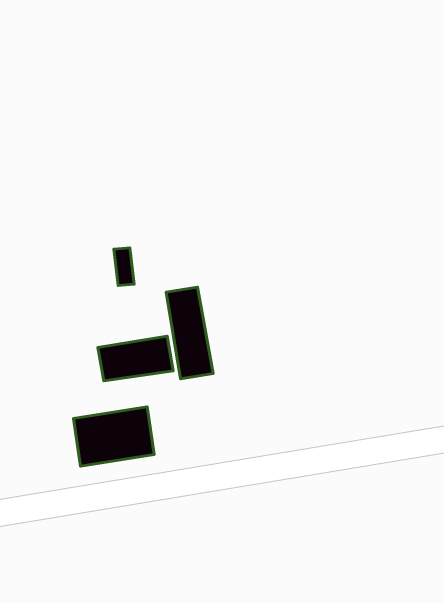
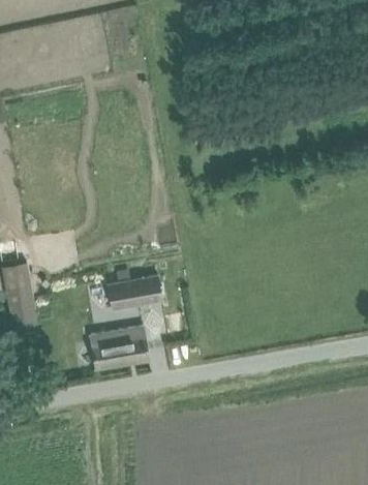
building: [166,287,213,379] -> none

